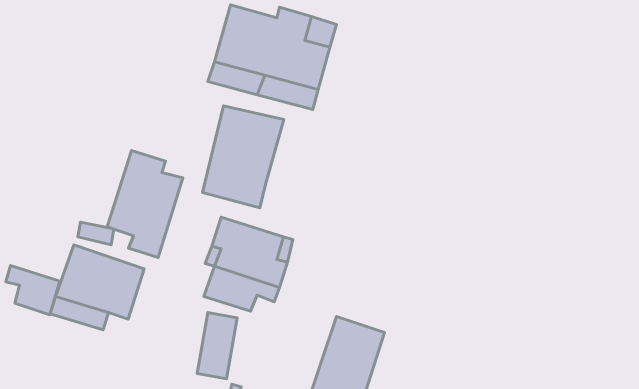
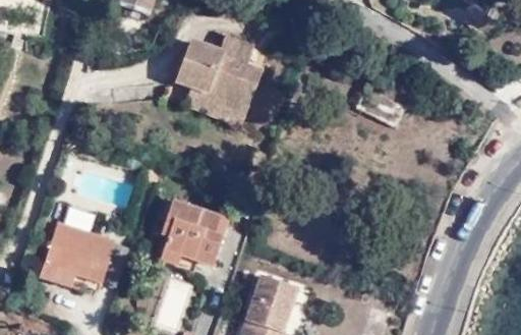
building: [202,106,284,208] -> none
building: [107,150,183,258] -> none
building: [6,266,60,315] -> none

